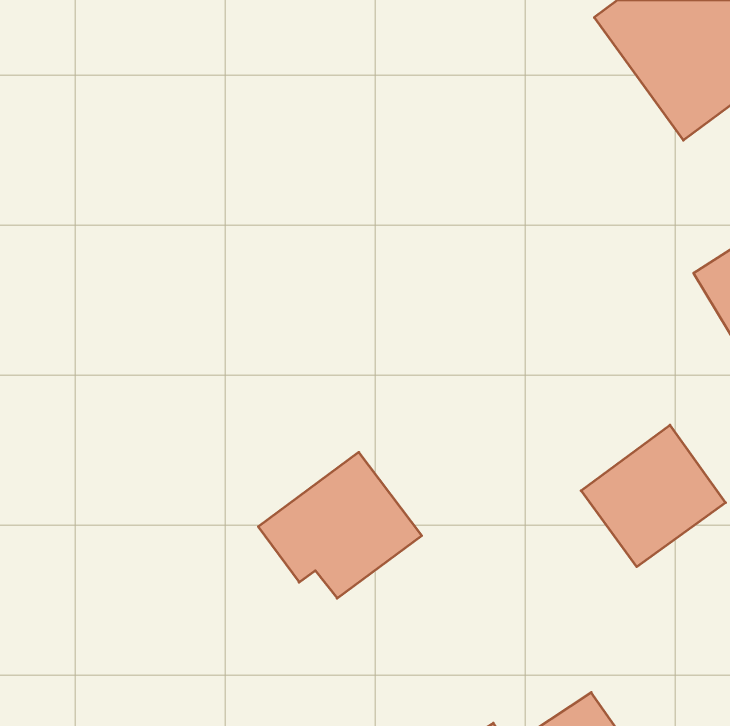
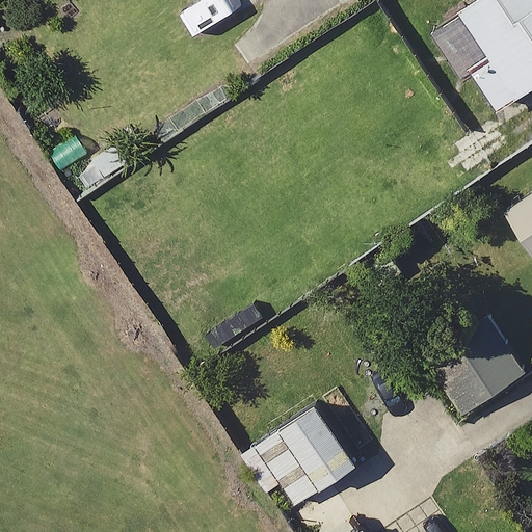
building: [258,452,422,598] -> [242,403,358,507]

